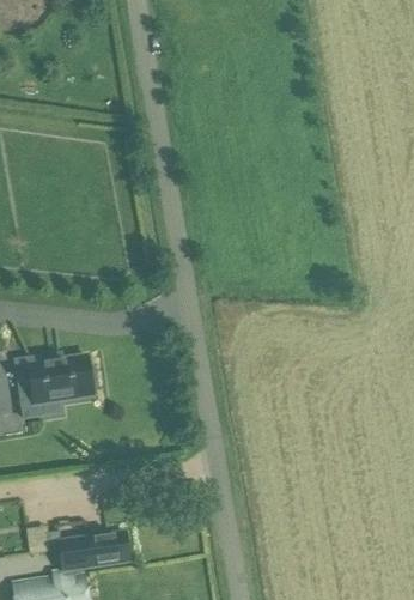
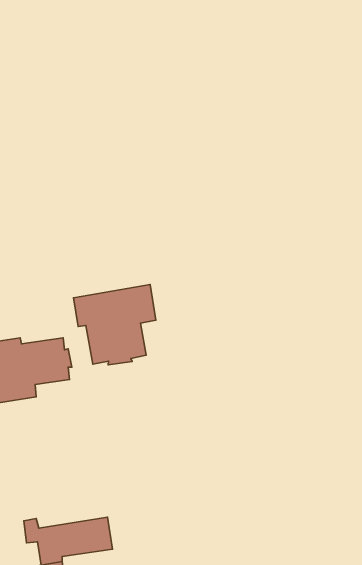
building: none -> [73,284,156,365]

